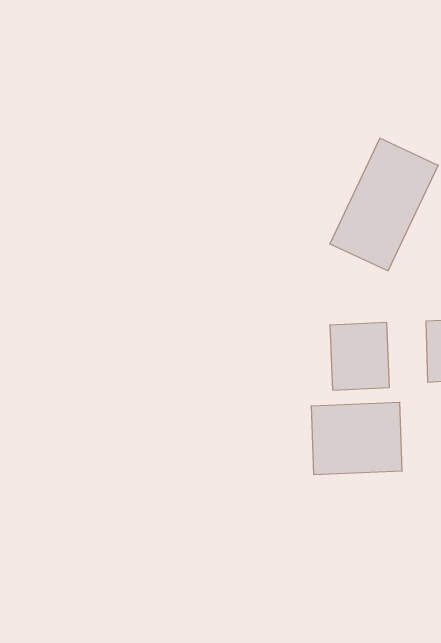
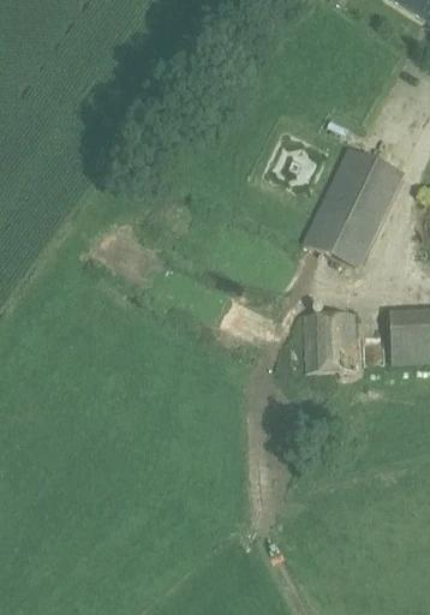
building: [311,402,402,475] -> none

